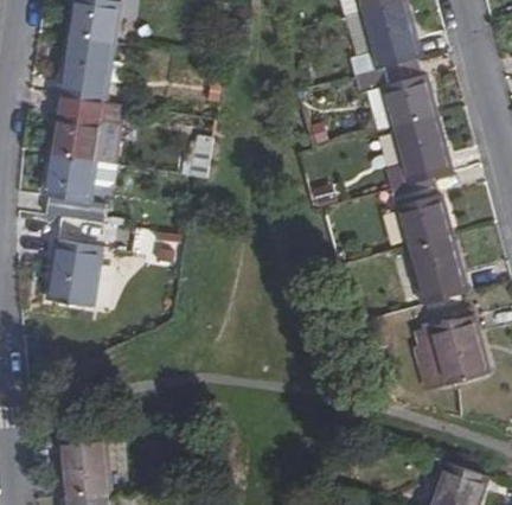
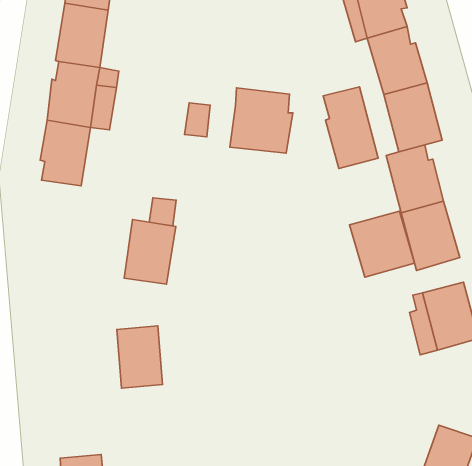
building: none -> [323,87,378,169]
building: none -> [230,88,293,153]
building: [49,241,101,306] -> [124,220,176,284]
building: none -> [350,211,415,277]
building: [59,433,105,496] -> [117,326,162,388]

